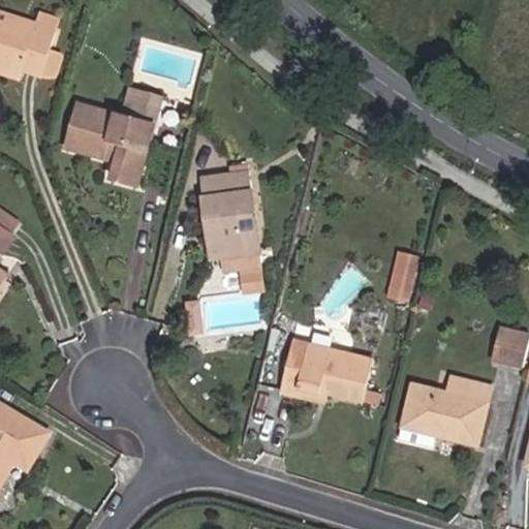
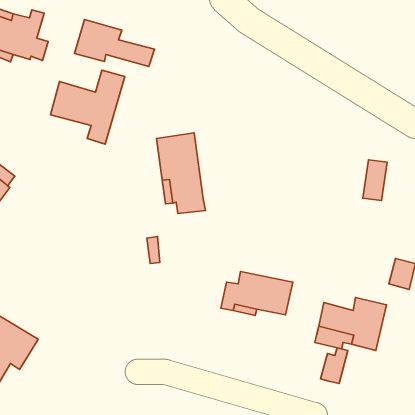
building: none -> [74,19,155,66]
building: [388,248,419,300] -> [363,160,387,201]
building: none -> [321,348,348,384]

